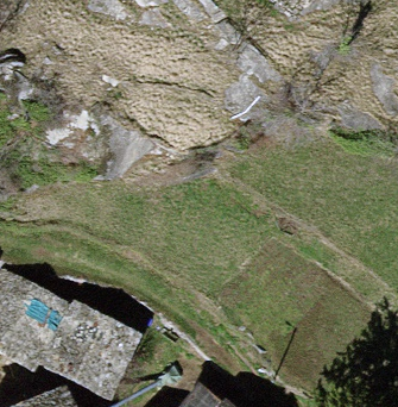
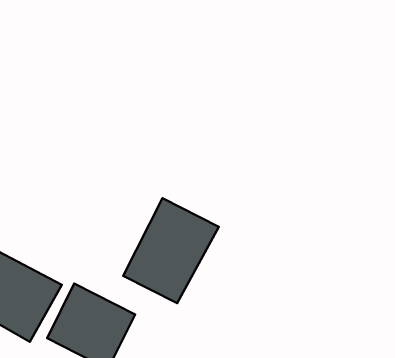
building: none -> [123,198,219,303]

